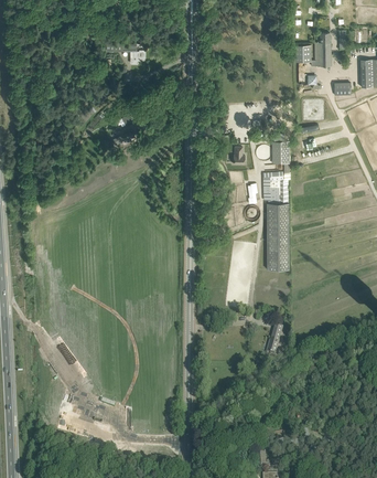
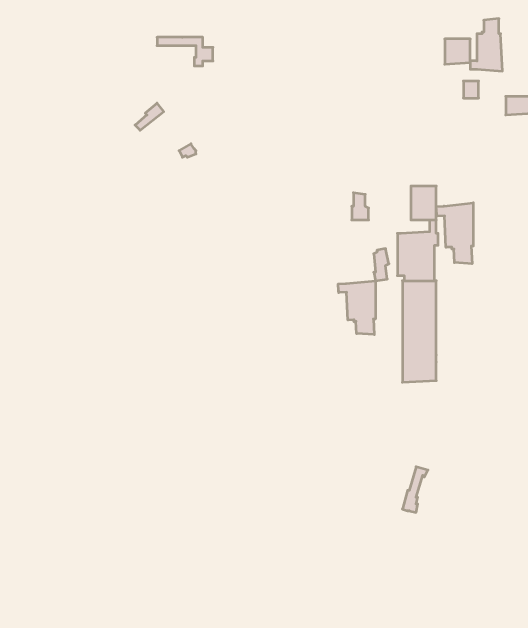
building: none -> [436,203,473,264]
building: none -> [338,281,375,335]

